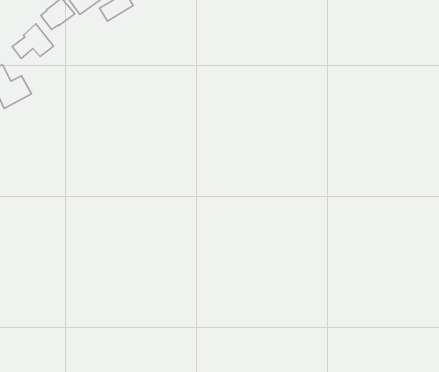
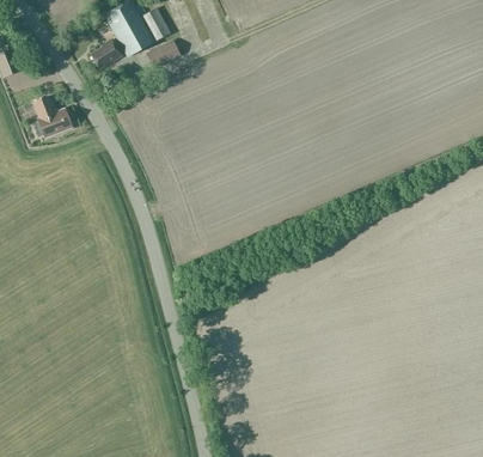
building: [12,24,53,58] -> none

